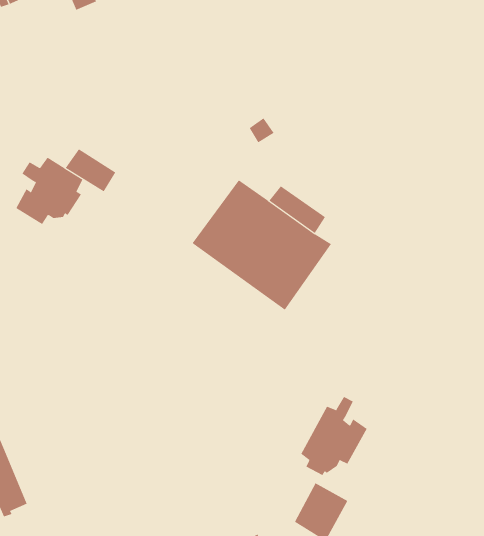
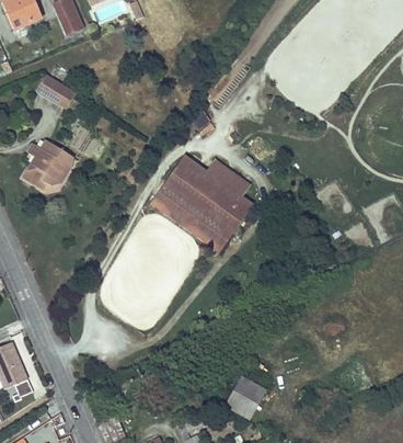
building: [65,148,116,192] -> [37,76,74,107]
building: [300,396,367,476] -> none

